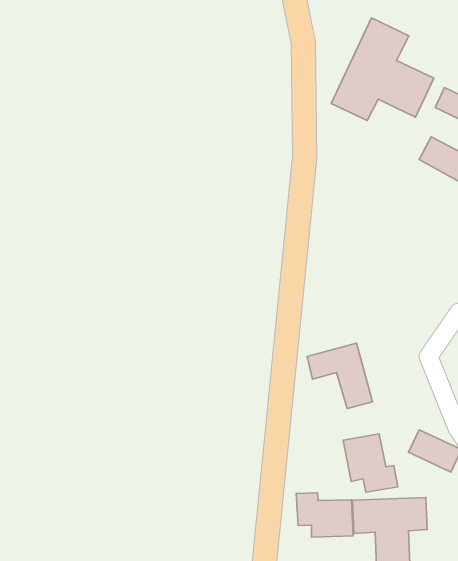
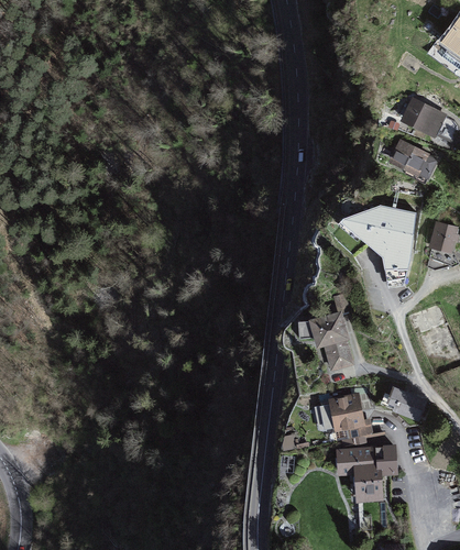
building: [331,18,434,121] -> none
building: none -> [340,207,416,290]
building: [296,493,353,537] -> none

